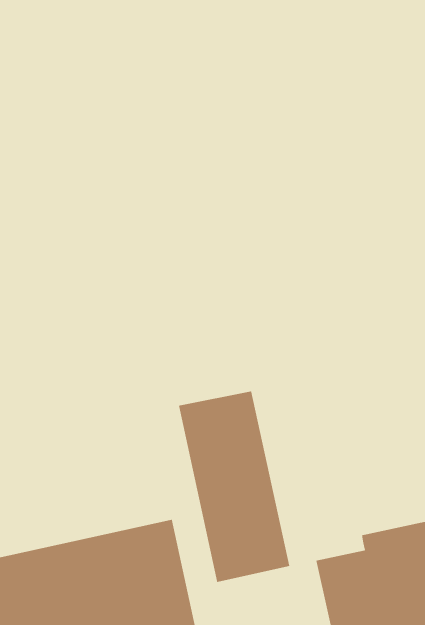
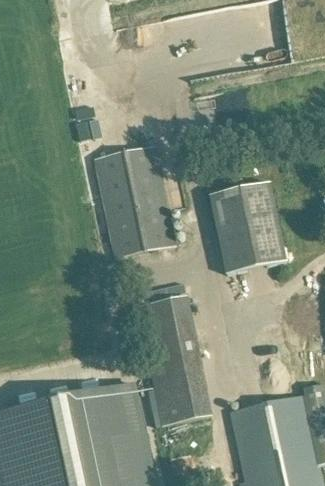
building: none -> [92,146,175,259]
building: none -> [208,182,286,274]

